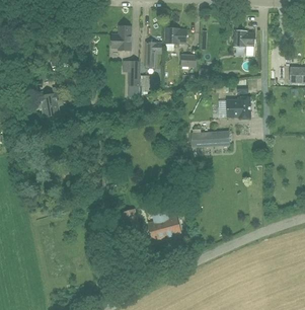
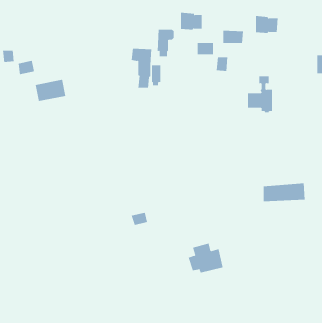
building: [117,21,136,46] -> none
building: [190,132,229,149] -> [263,183,305,202]
building: [147,211,179,238] -> [188,243,224,273]

